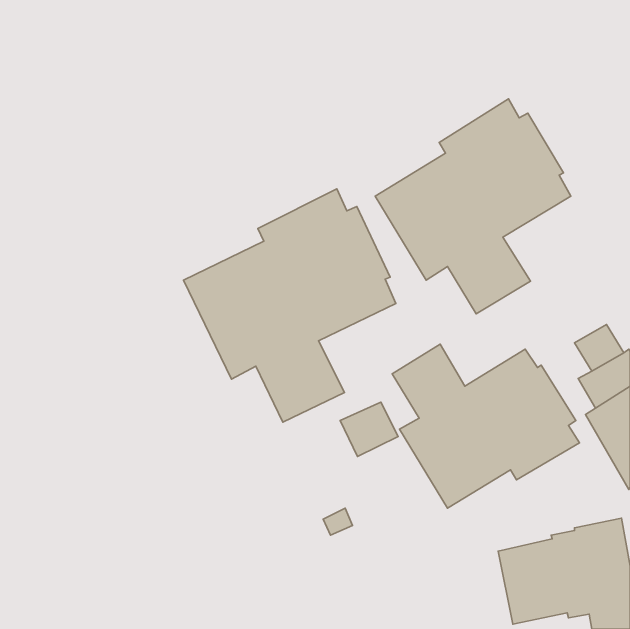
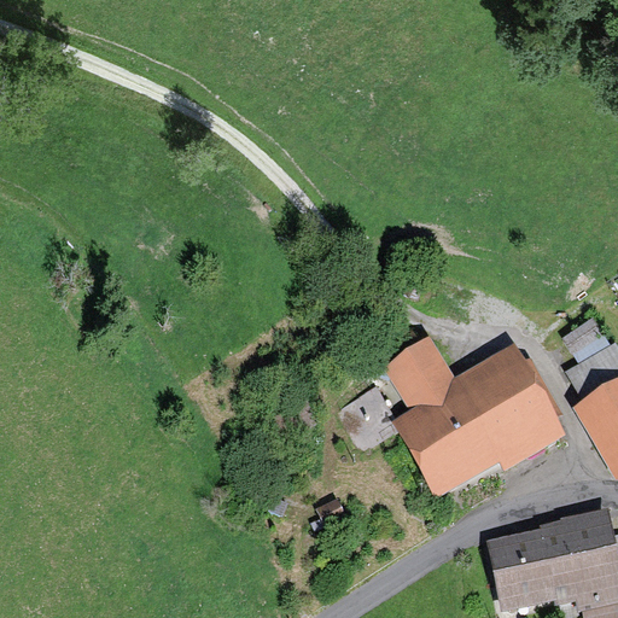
building: [375,99,571,314] -> none
building: [184,189,396,422] -> none

